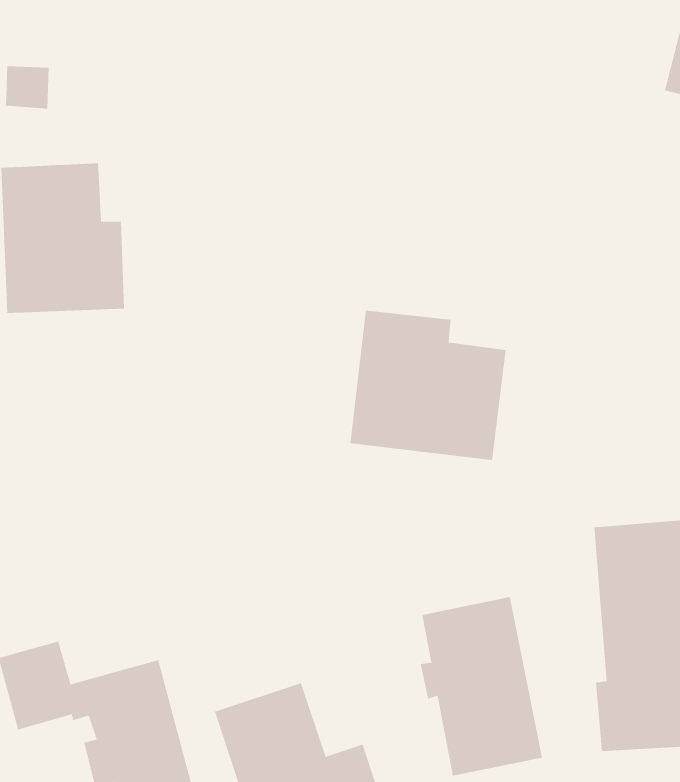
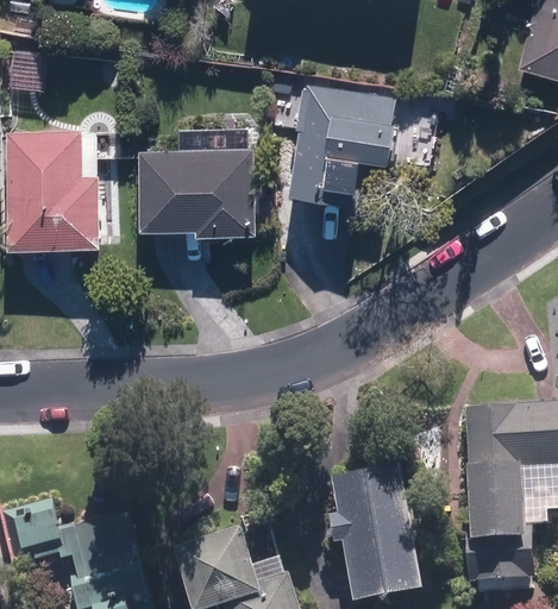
building: none -> [291,82,396,199]
building: none -> [138,151,256,236]
building: [350,310,506,461] -> none

